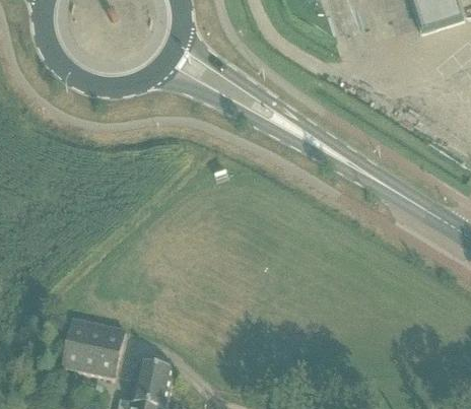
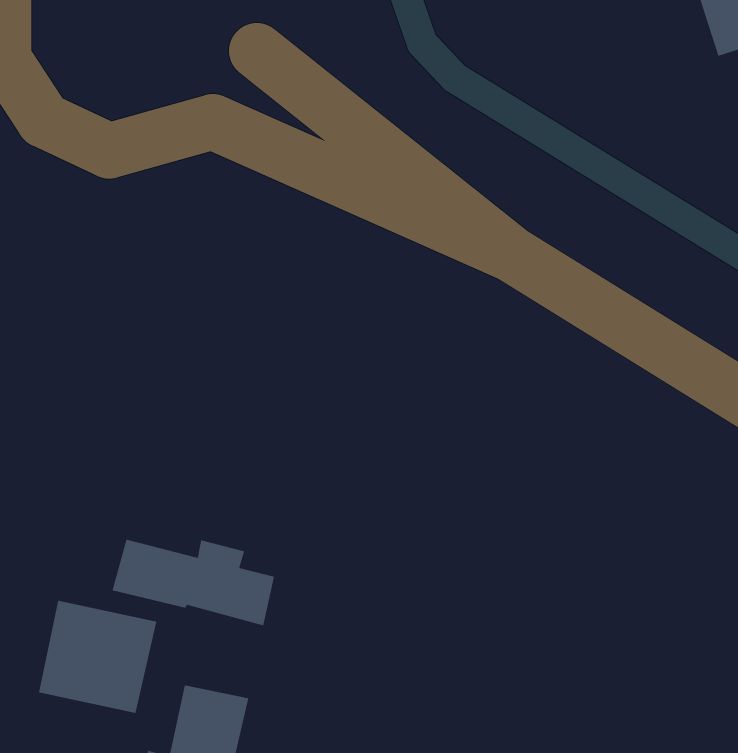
building: none -> [112,539,275,626]

